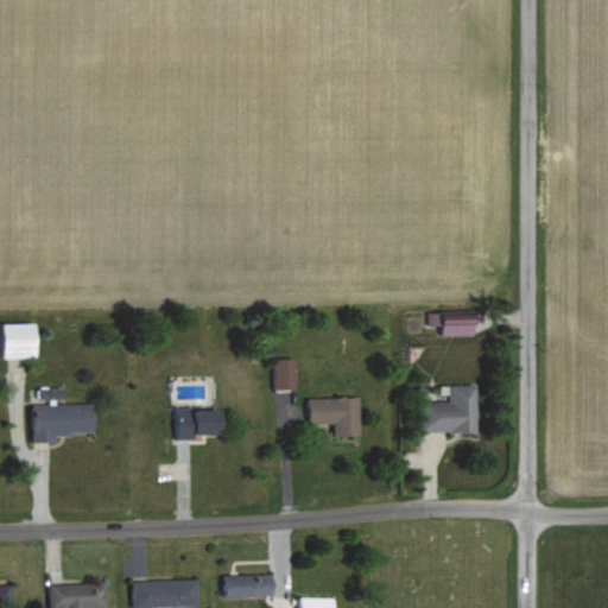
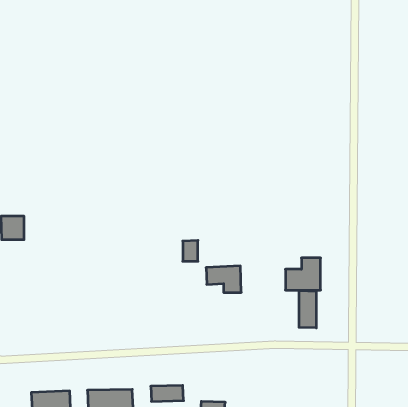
building: [443,317,476,337] -> none
building: [32,388,95,444] -> none
building: [177,410,226,441] -> none
building: none -> [299,291,316,328]

